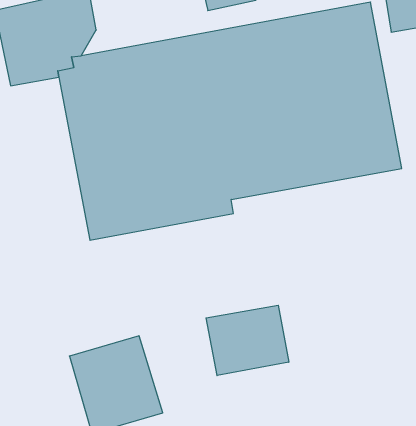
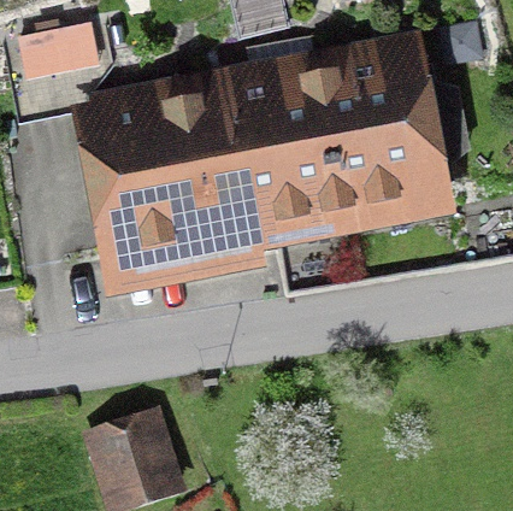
building: [206,305,289,376] -> none

